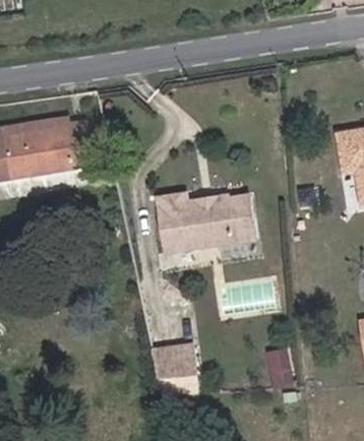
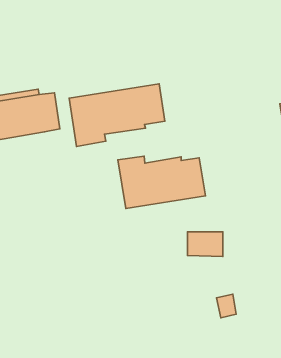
building: none -> [69,84,165,146]
building: [150,343,195,376] -> none

